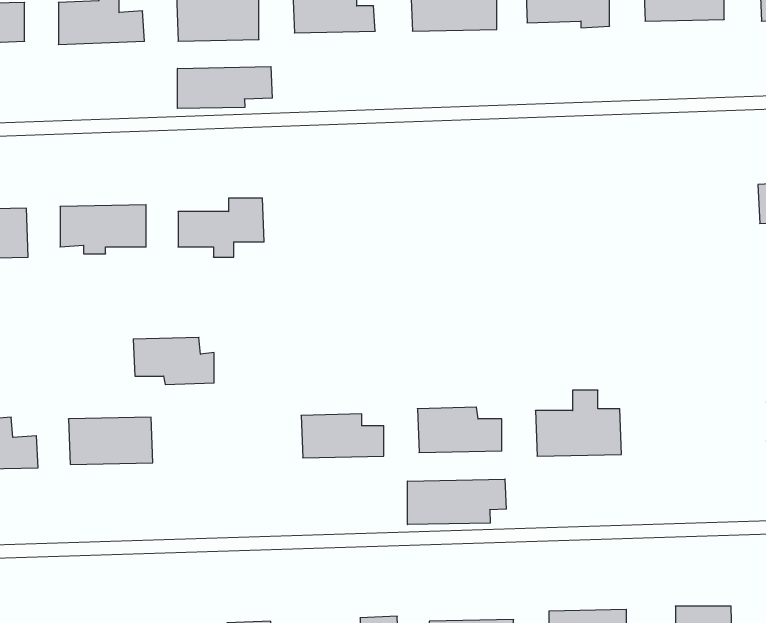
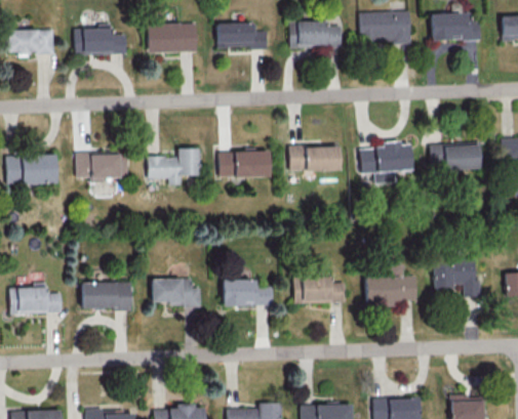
building: [177,67,272,108] -> none
building: none -> [360,141,412,183]
building: none -> [430,144,480,170]
building: none -> [289,146,341,171]
building: none -> [218,151,271,178]
building: [133,337,214,385] -> [152,279,201,307]
building: none -> [434,259,480,297]
building: [408,479,506,525] -> none

